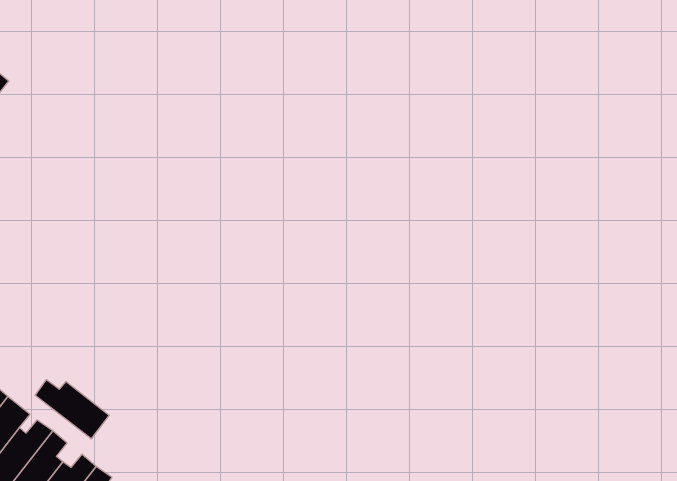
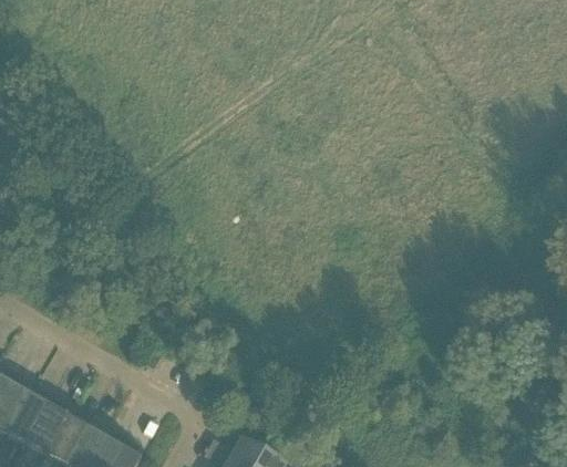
building: [35,380,109,439] -> none

